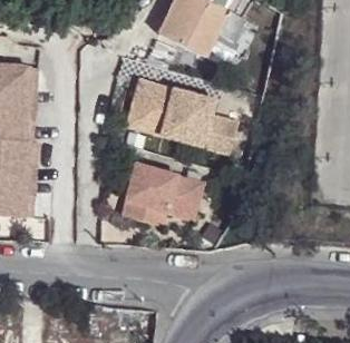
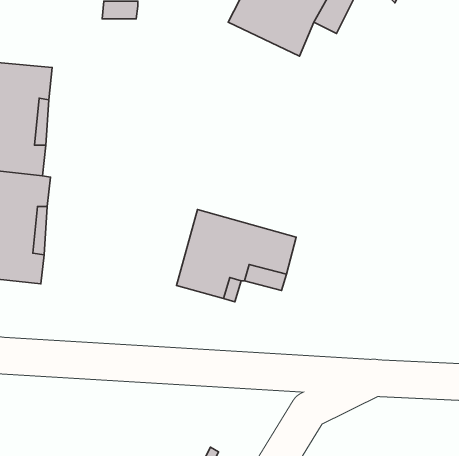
building: [127,78,240,153] -> none

